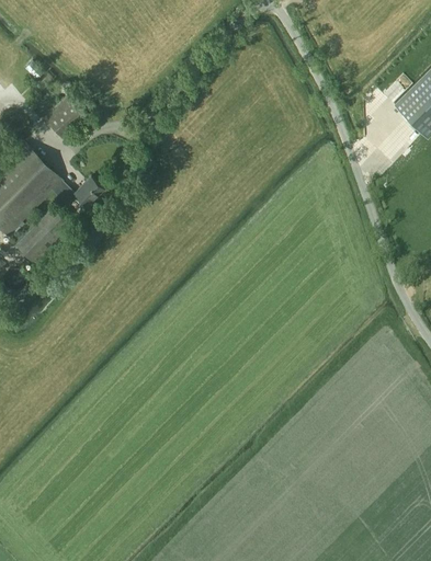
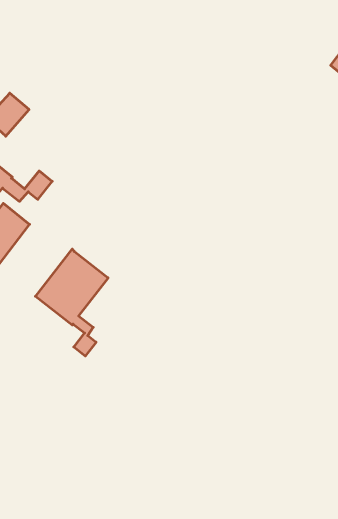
building: none -> [35,249,108,356]

